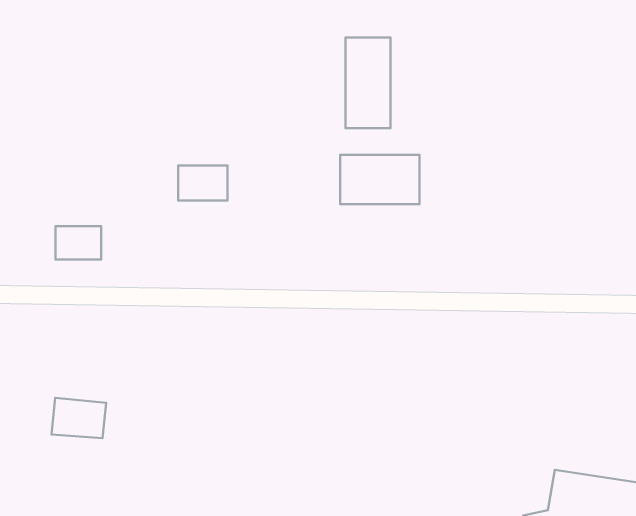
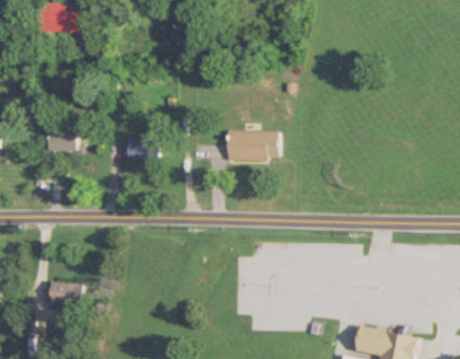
building: [346,38,390,128] -> none
building: [55,226,101,260] -> [47,129,76,150]

